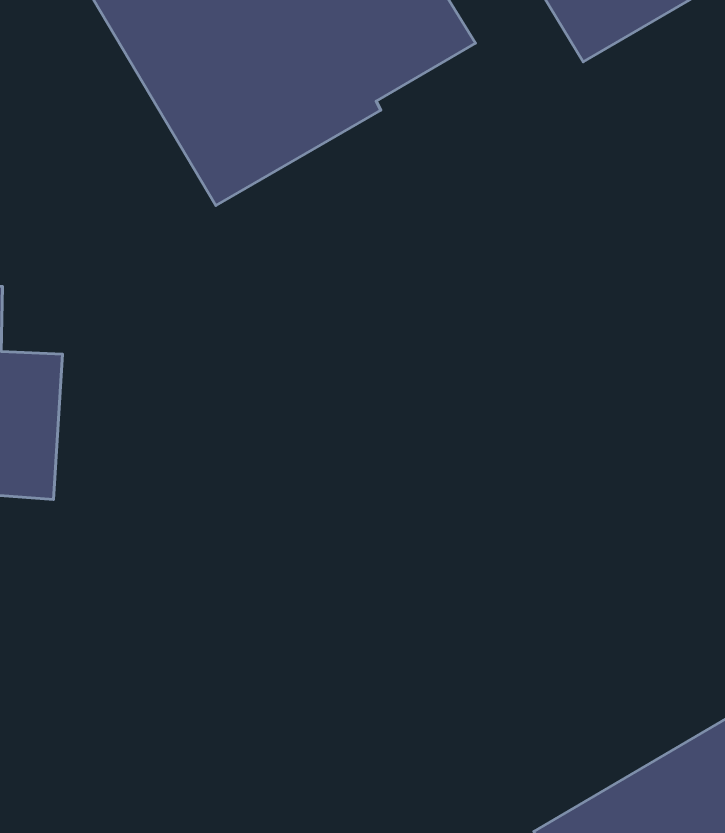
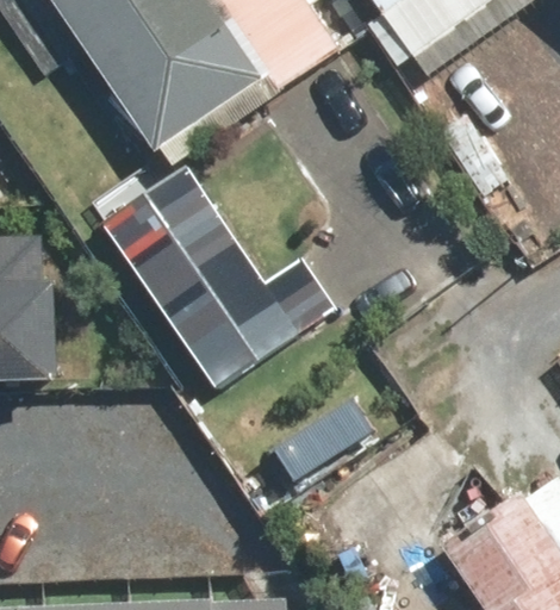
building: none -> [126,206,288,379]

